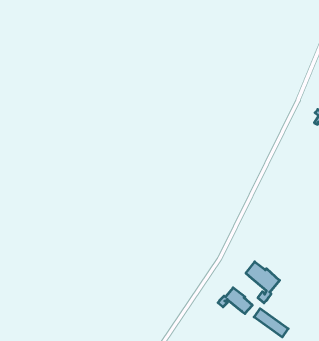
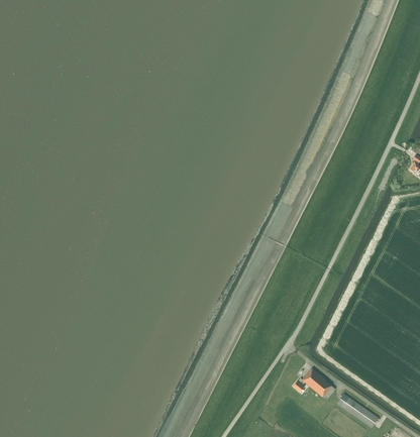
building: [246,262,280,303] -> none

